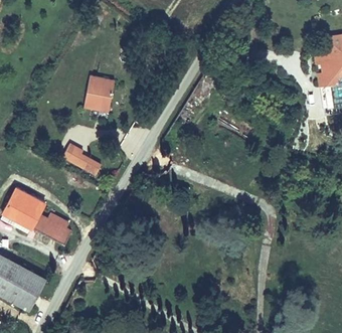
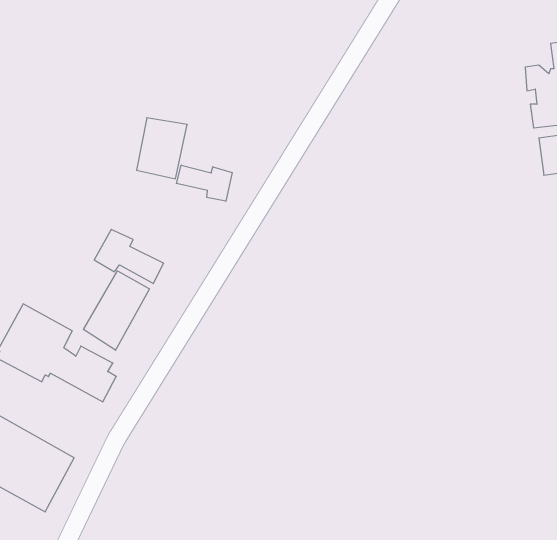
building: none -> [176,165,232,201]
building: none -> [84,271,149,350]

